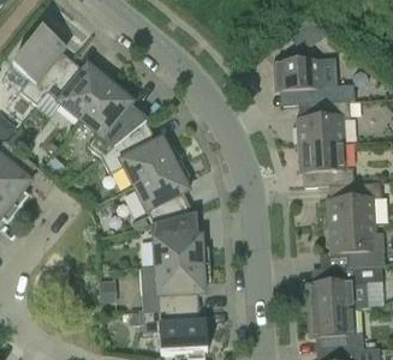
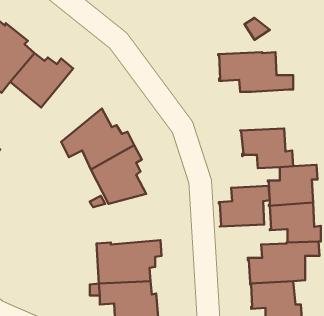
building: [79,77,145,156] -> none
building: [294,100,350,144] -> [219,186,270,227]
building: [153,212,209,268] -> none

